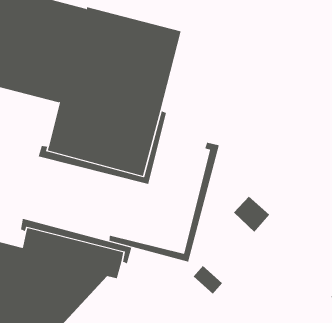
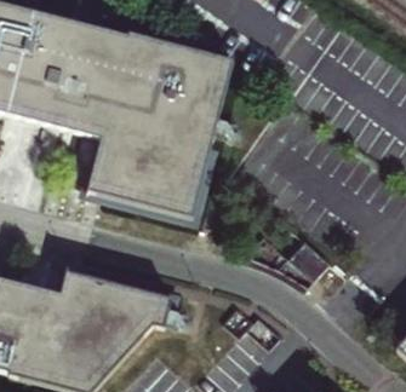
building: [109,142,220,262] -> none

